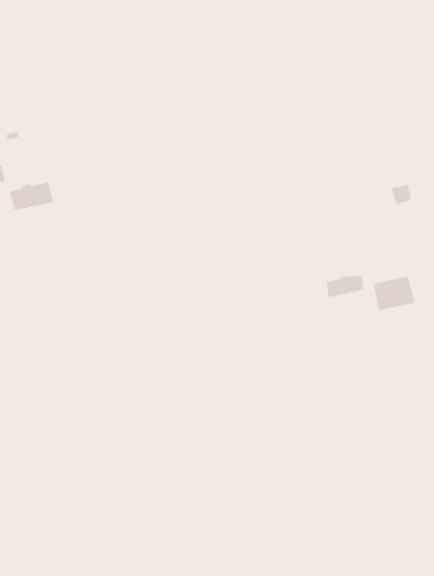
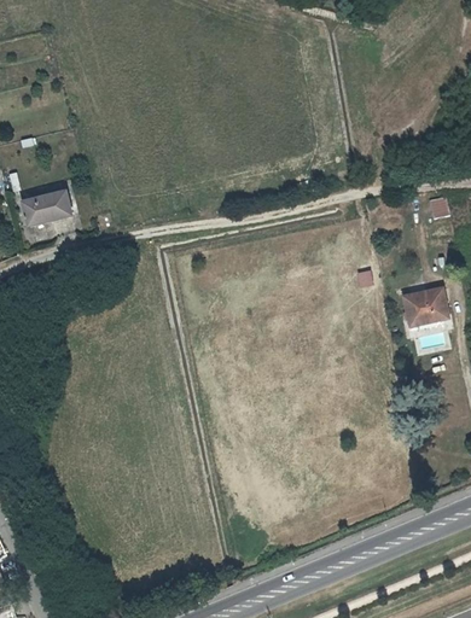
building: [326,275,365,298] -> none

